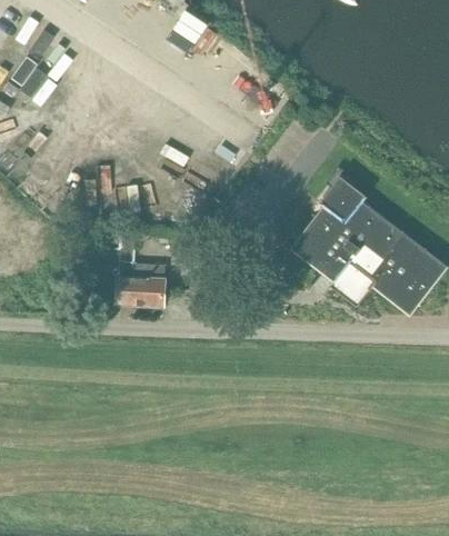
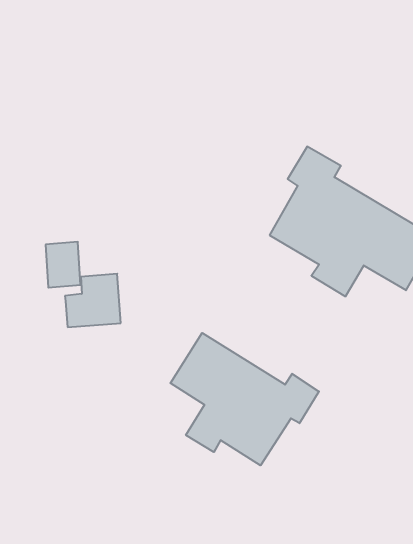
building: none -> [170,333,319,465]

